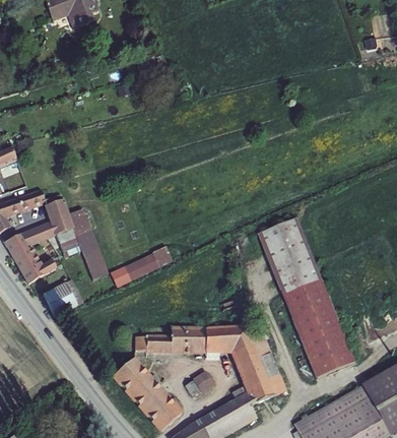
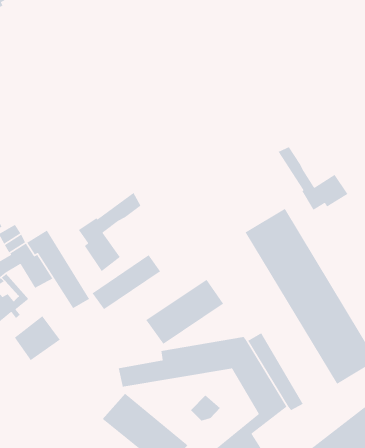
building: none -> [278,146,349,211]
building: none -> [78,192,141,272]
building: none -> [145,279,224,345]

